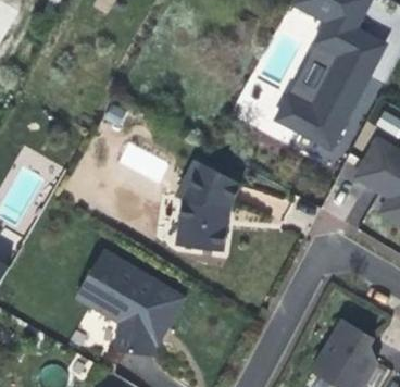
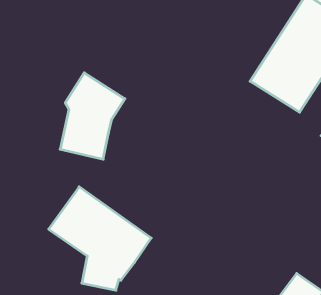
building: [176,161,240,251] -> [60,73,125,159]

